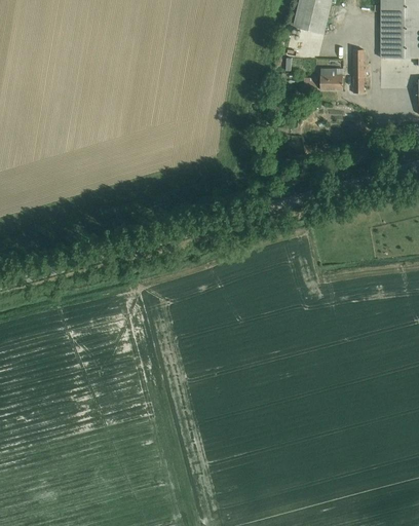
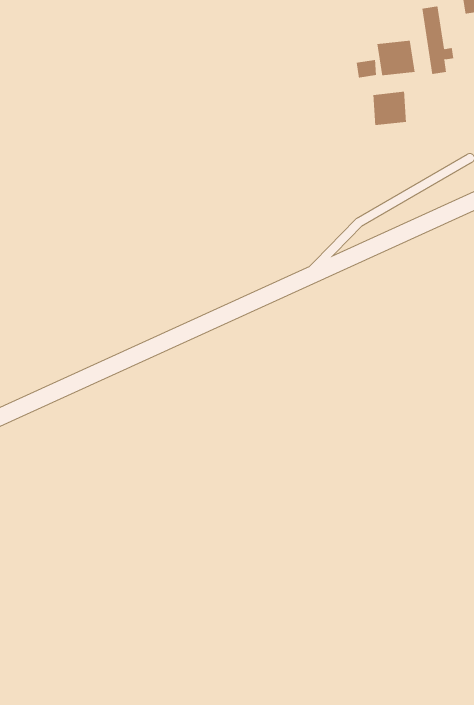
building: none -> [373,91,406,126]

